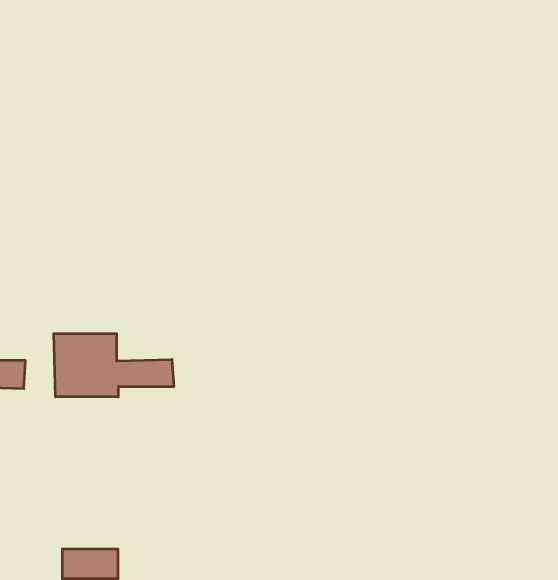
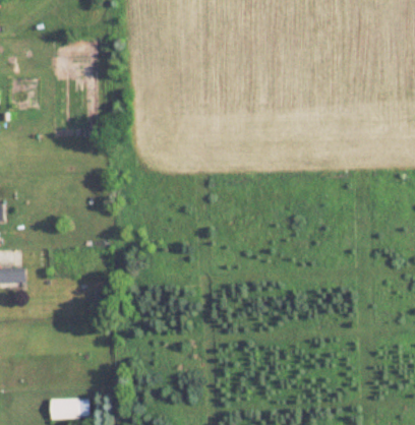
building: [54,334,174,397] -> none

